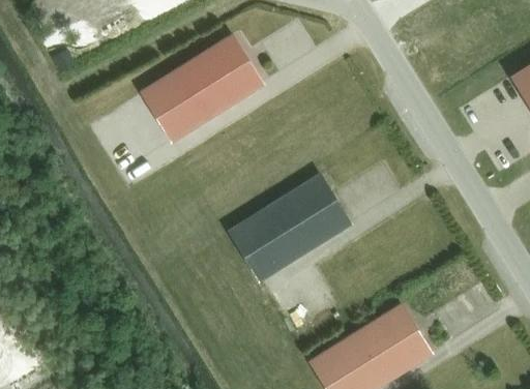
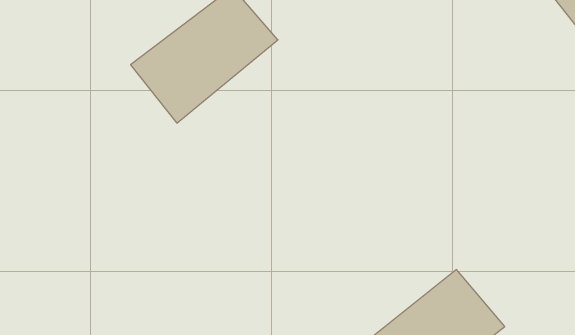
building: [226,173,354,281] -> none

